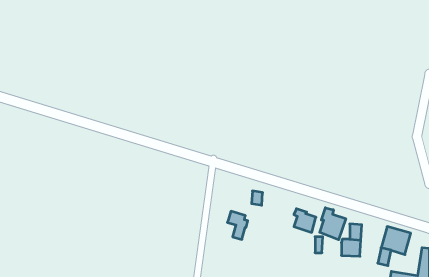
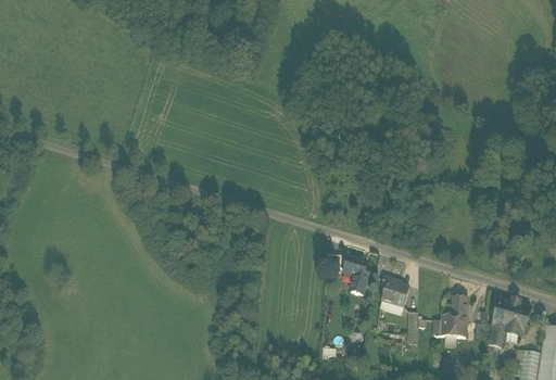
building: [320,208,346,240] -> none
building: [227,211,248,239] -> [343,257,369,293]

